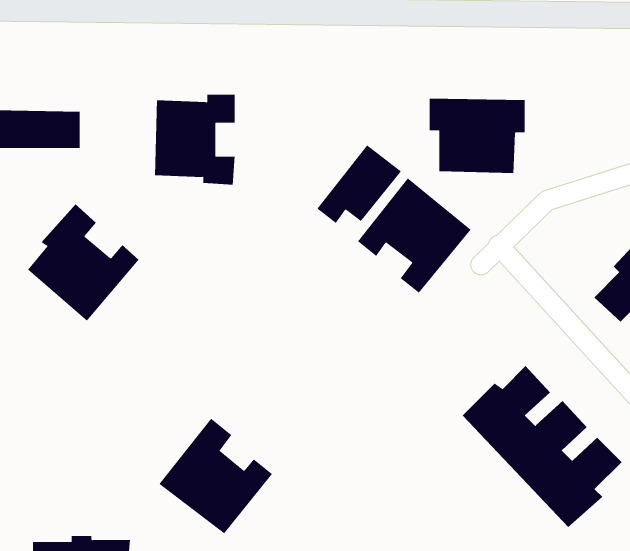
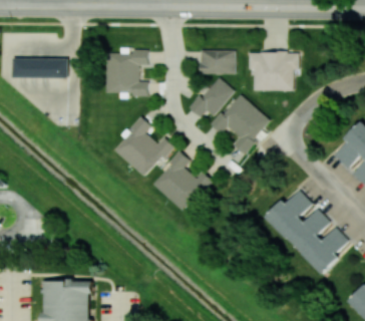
building: none -> [199,50,235,74]
building: [27,204,139,322] -> [114,116,172,178]
building: [159,418,273,534] -> [151,151,211,212]

